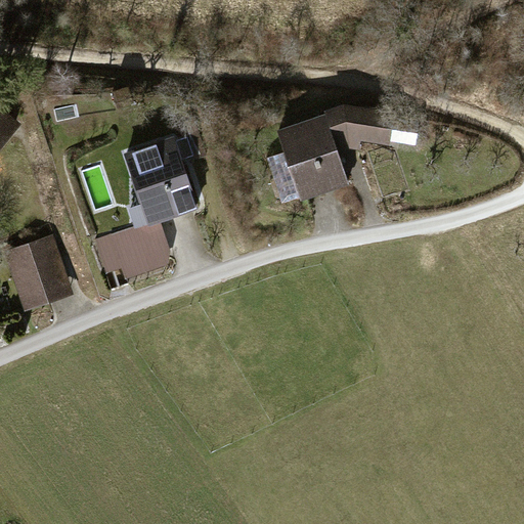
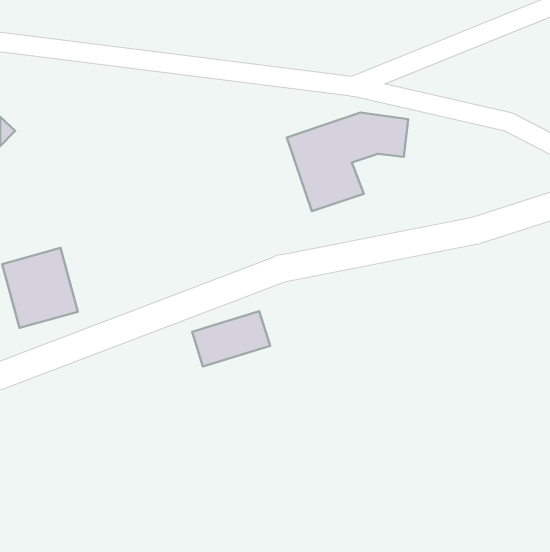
building: [126,137,194,220] -> none
building: [96,221,170,273] -> [192,311,270,367]

